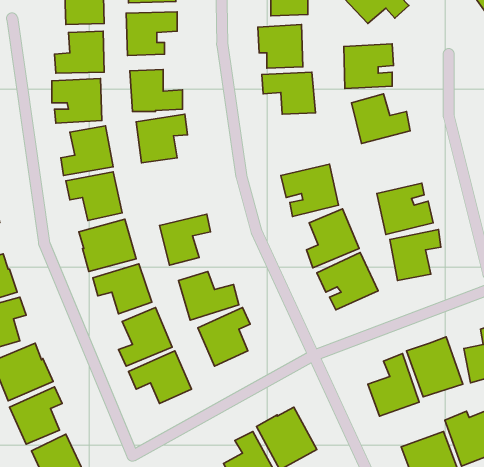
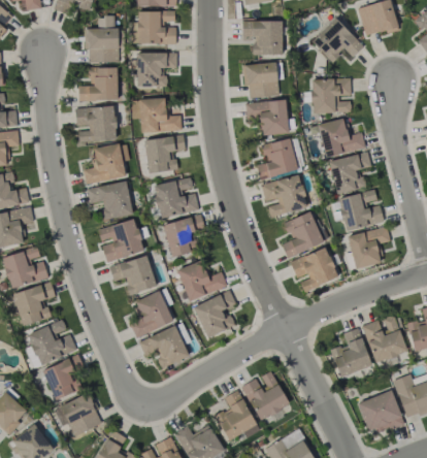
building: none -> [256,138,298,181]
building: none -> [329,153,371,195]
building: none -> [154,178,199,219]

